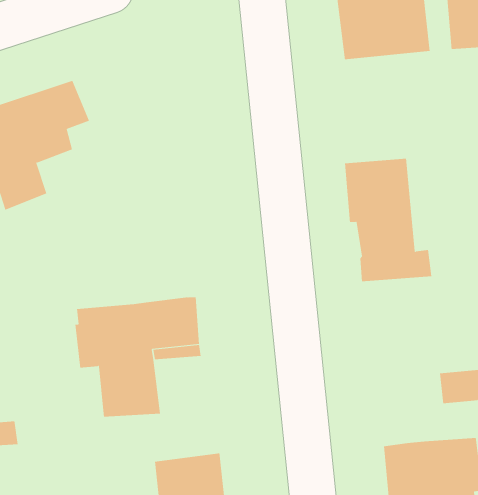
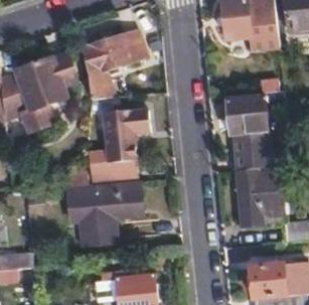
building: none -> [82,30,146,102]
building: none -> [103,101,150,183]
building: none -> [237,168,283,226]

